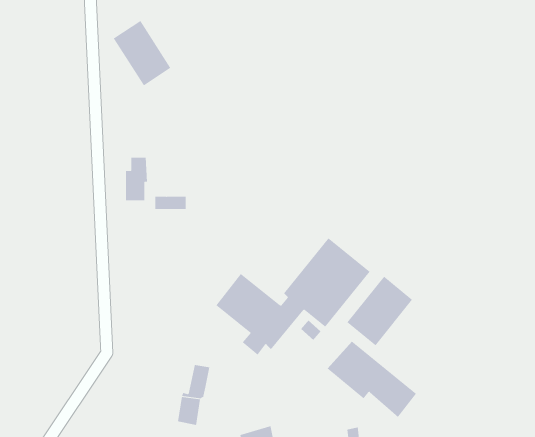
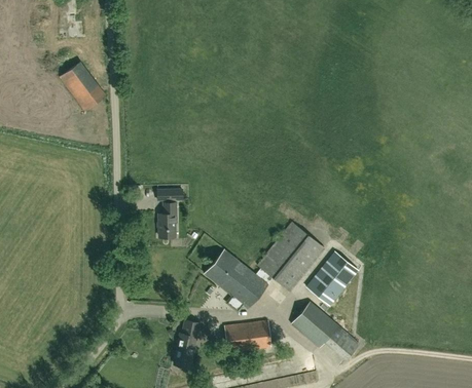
building: [113,20,171,86] -> [57,57,102,109]
building: [125,157,148,201] -> [159,203,177,237]
building: none -> [225,320,271,353]

